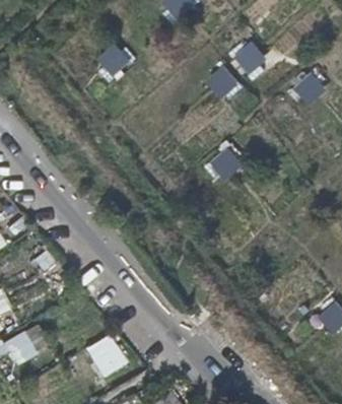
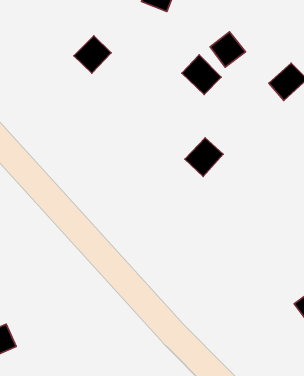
building: [85,333,128,378] -> none

